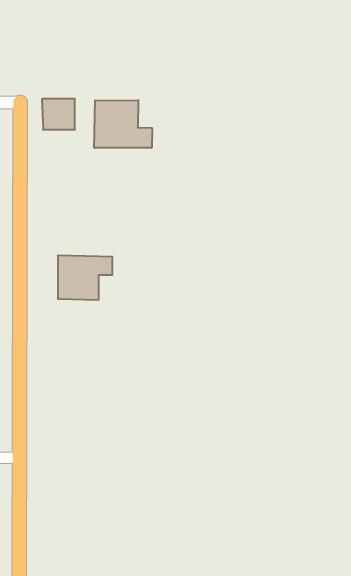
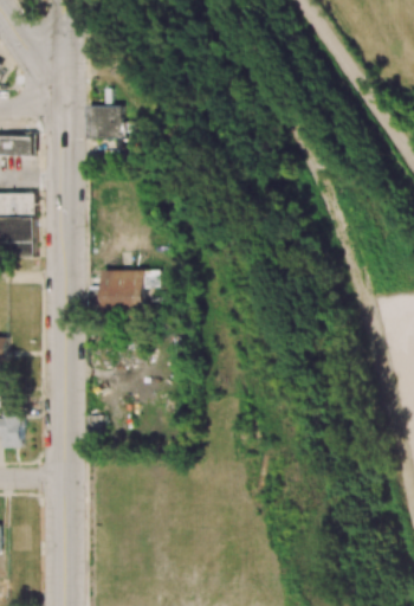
building: [94,100,152,148] -> none

